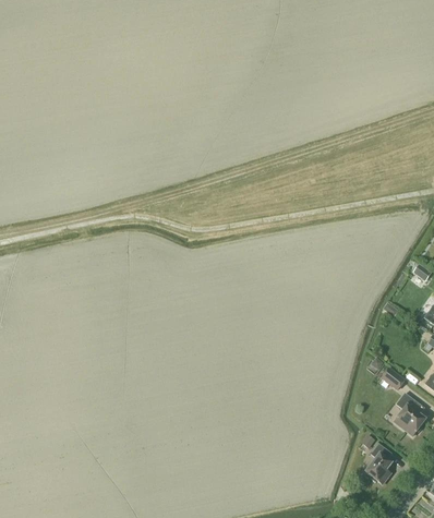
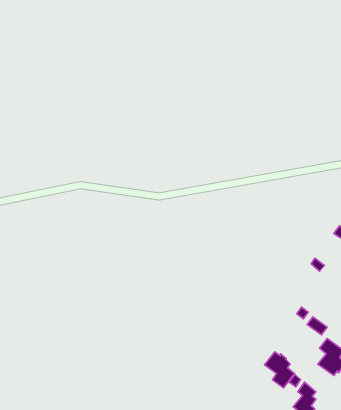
building: none -> [264,352,295,388]

